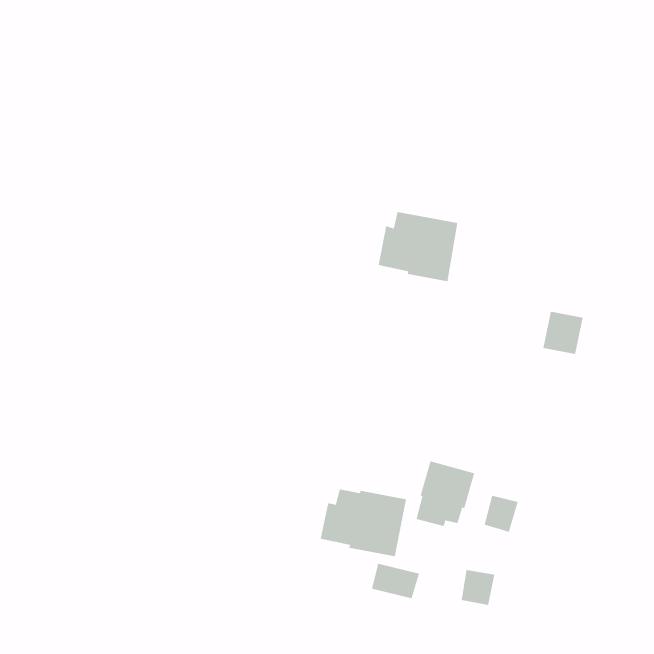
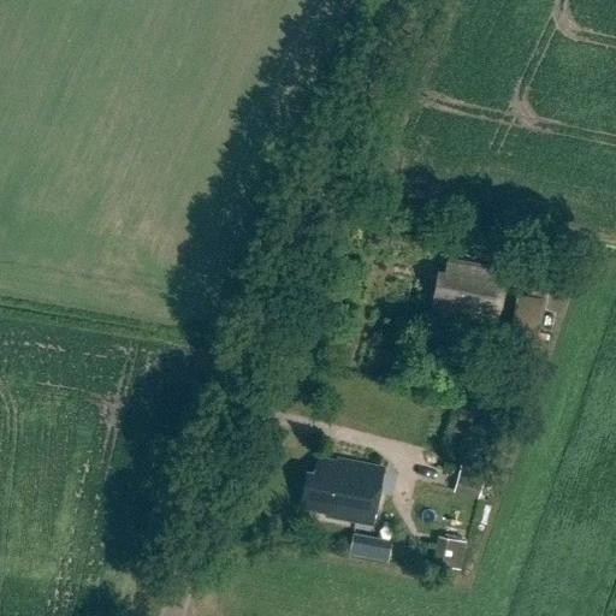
building: [378,211,458,282] -> [431,259,507,325]
building: [416,460,475,527] -> none

